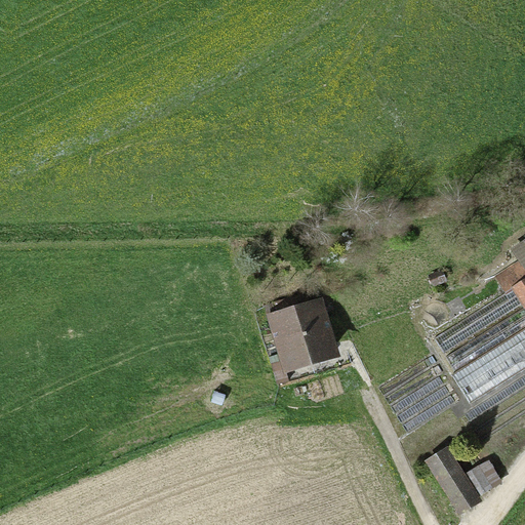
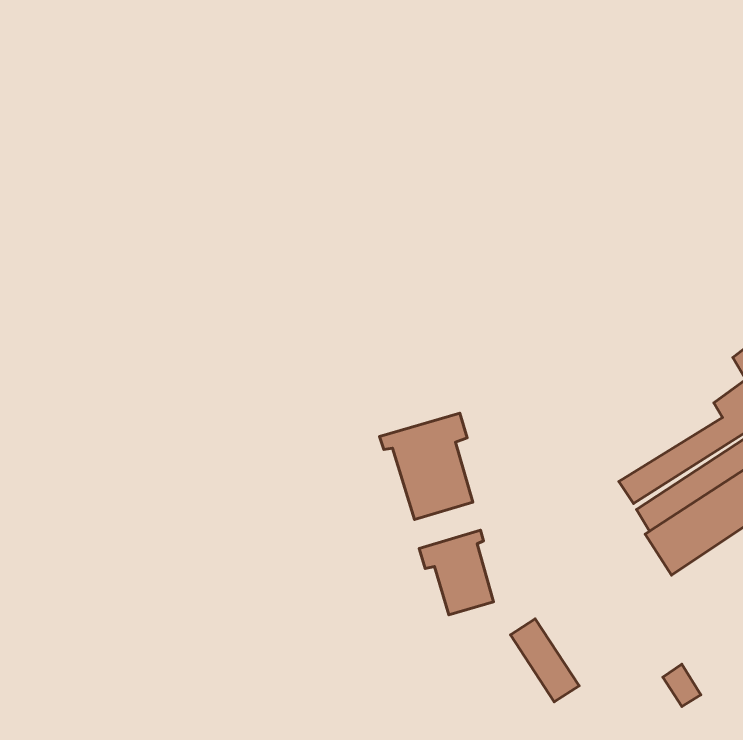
building: none -> [419,530,494,615]
building: [433,456,481,515] -> [510,619,579,702]

